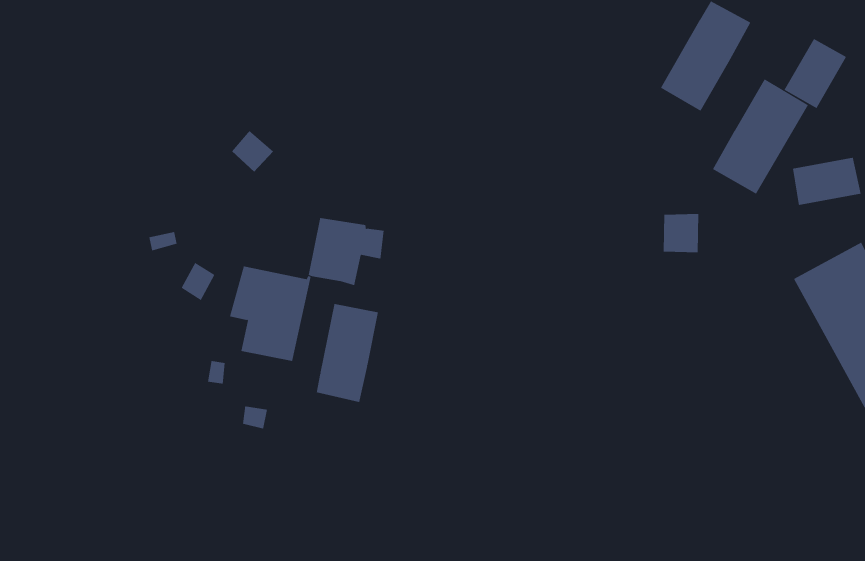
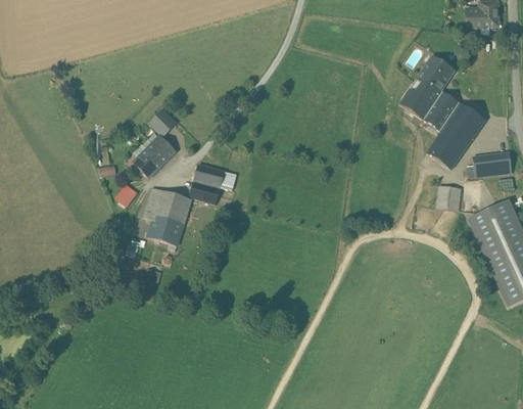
building: [783,38,847,109] -> [423,89,461,130]
building: none -> [136,135,176,175]
building: [663,214,699,253] -> [438,185,461,209]
building: [316,303,379,403] -> none

